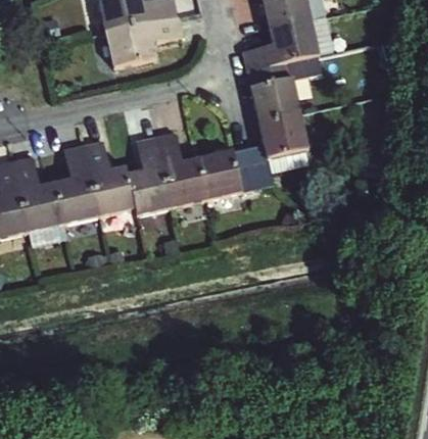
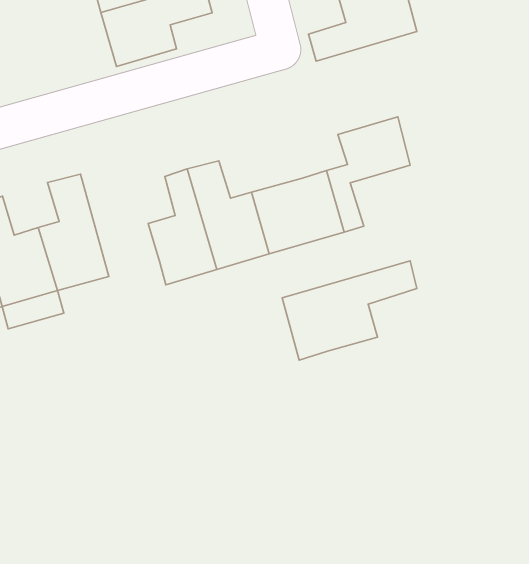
building: [248,58,322,124] -> none
building: [86,135,135,208] -> none
building: none -> [282,261,417,360]

